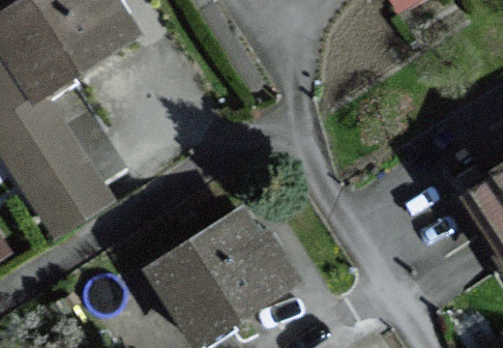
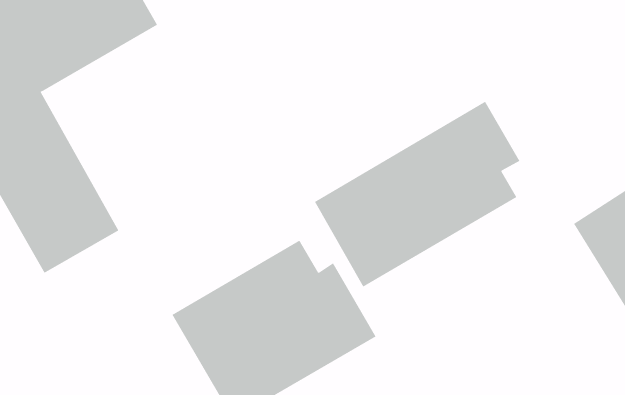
building: none -> [314,101,520,287]

